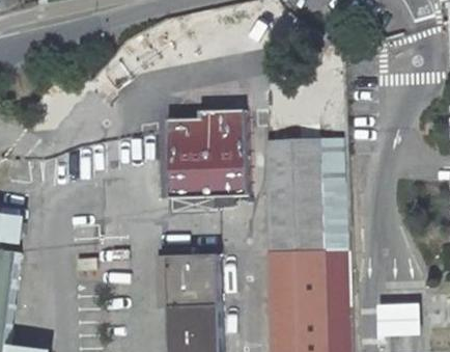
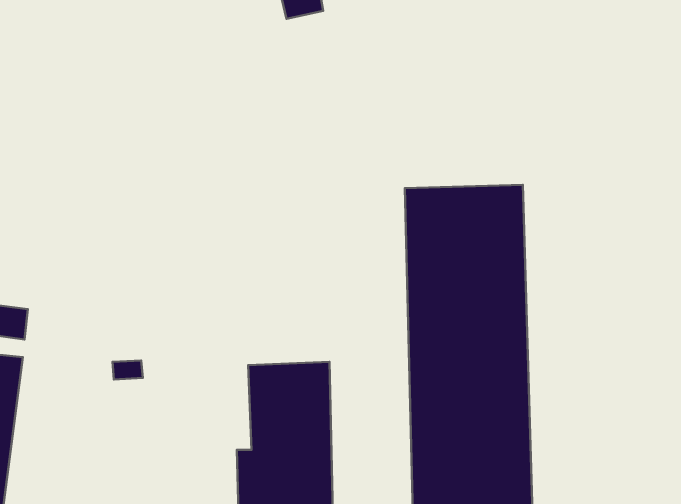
building: [166,118,244,193] -> none
building: [375,300,418,332] -> none

